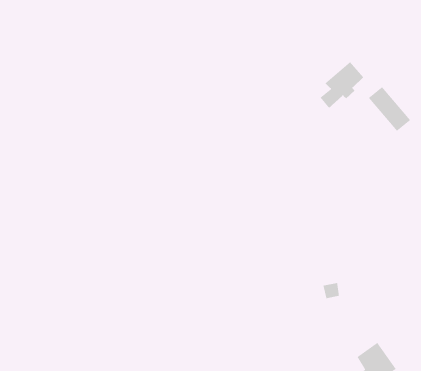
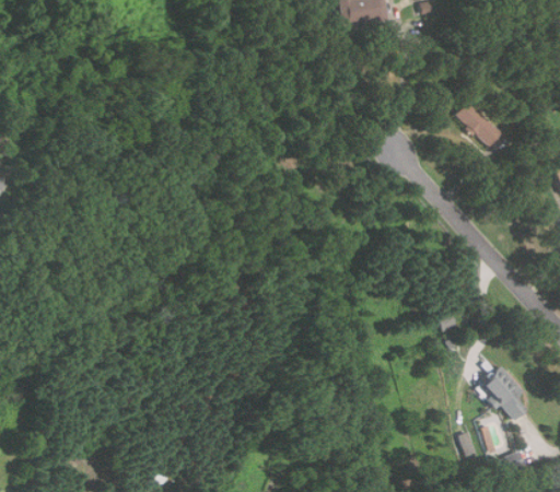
building: [320,61,364,109] -> none

